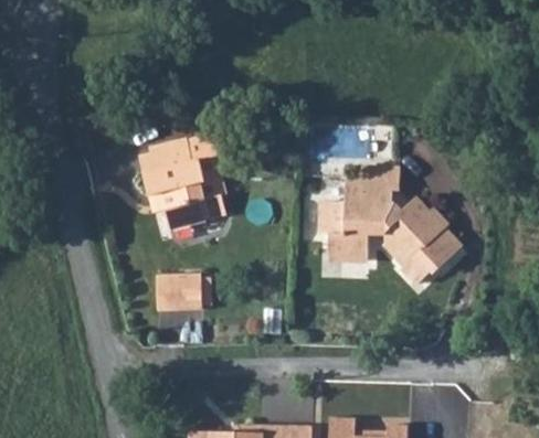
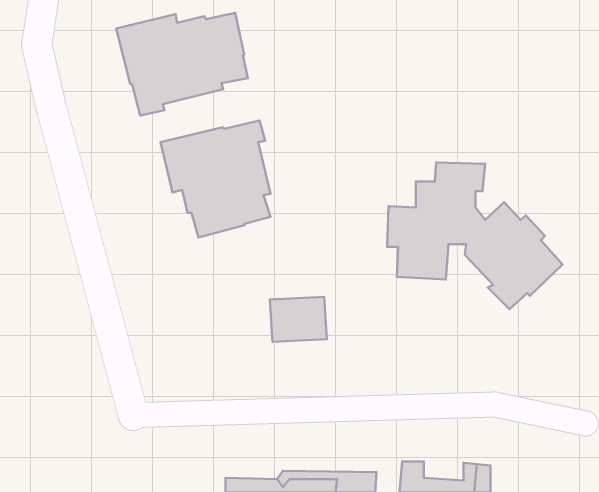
building: none -> [116,13,248,116]
building: [157,275,203,311] -> [270,297,327,342]

